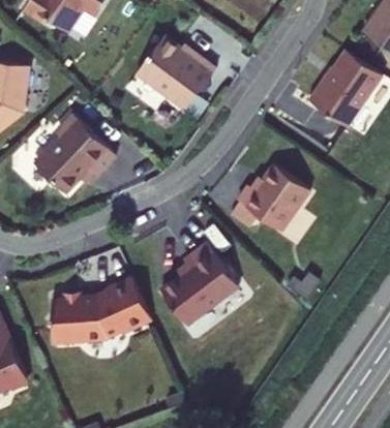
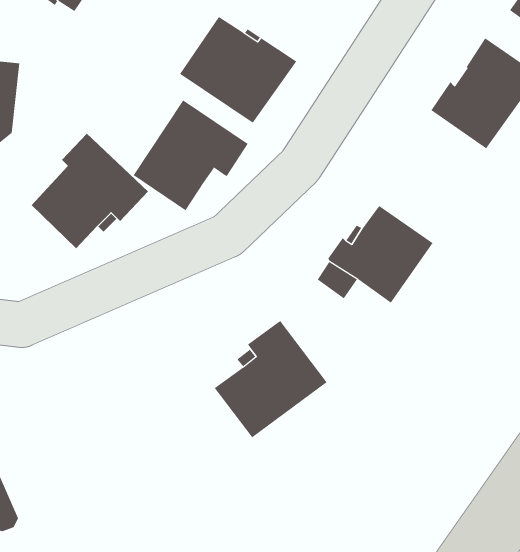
building: none -> [133,99,249,211]
building: [50,274,150,340] -> none

